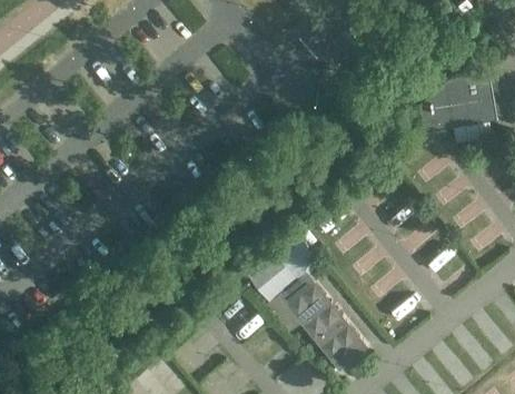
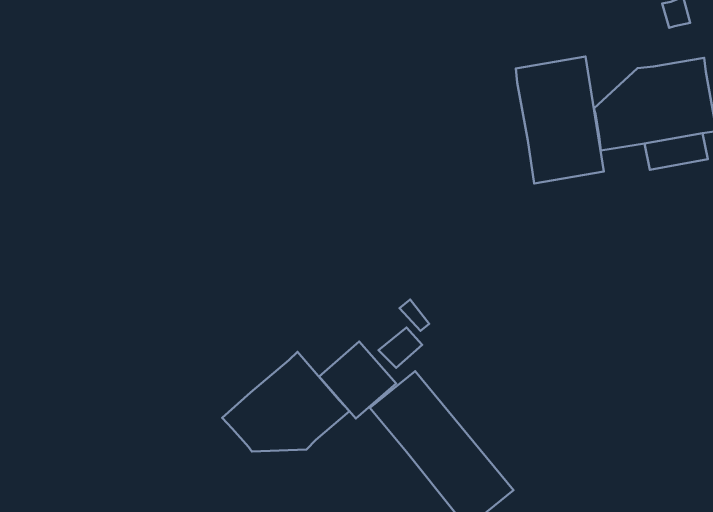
building: none -> [516,57,604,183]
building: none -> [222,352,349,452]

